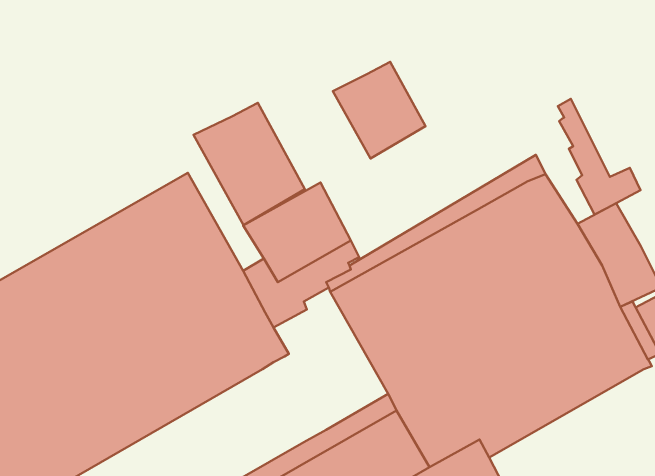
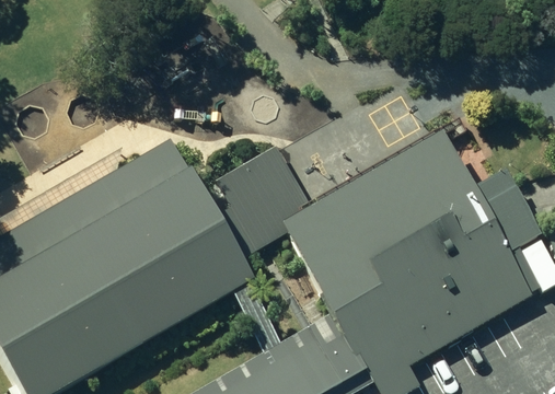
building: [333,62,425,159] -> none
building: [558,99,641,214] -> none
building: [193,103,305,225] -> none

